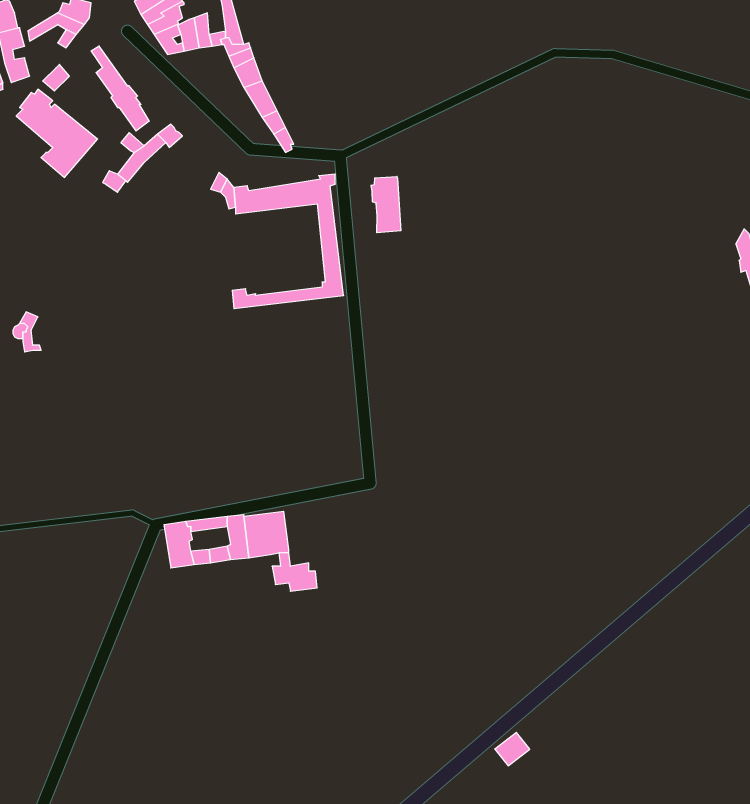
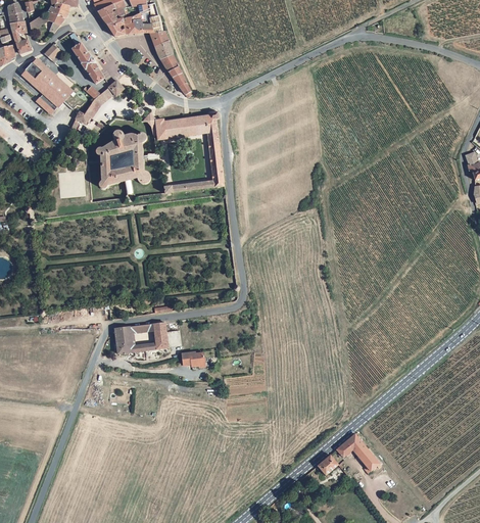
building: [371,176,401,233] -> none
building: none -> [95,129,148,191]
building: none -> [335,433,379,473]

